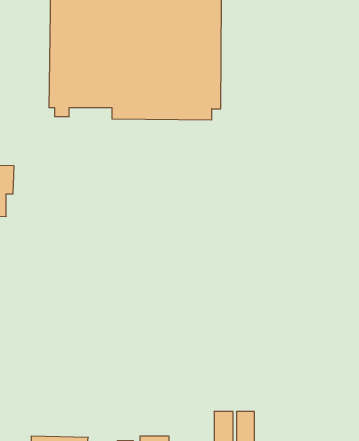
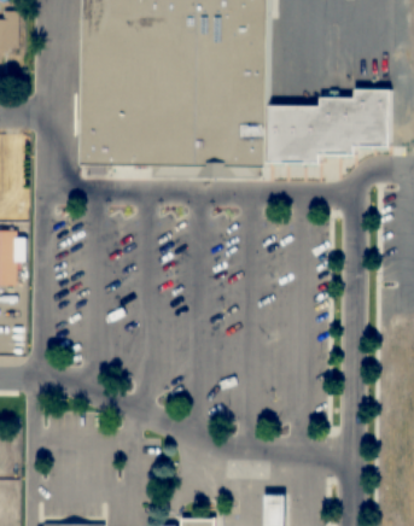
building: none -> [261,90,383,164]

